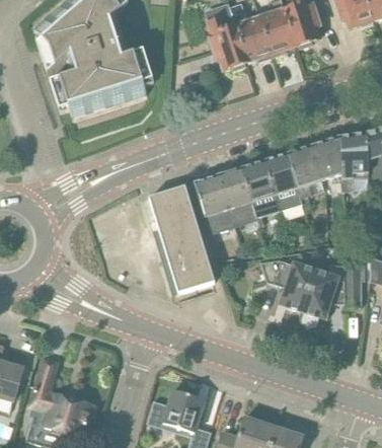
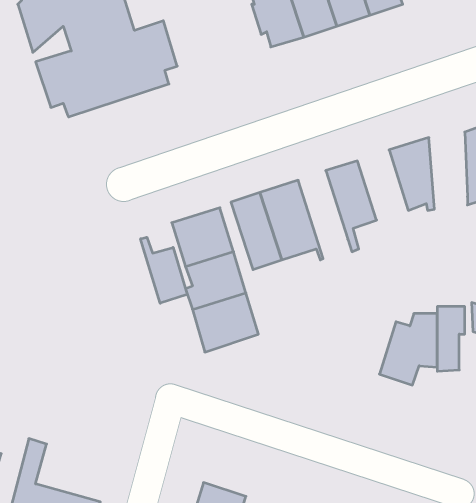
building: [339,131,368,188] -> none
building: [287,144,325,211] -> none
building: [243,159,280,224] -> none
building: none -> [141,237,187,303]
building: [260,259,315,309] -> none

